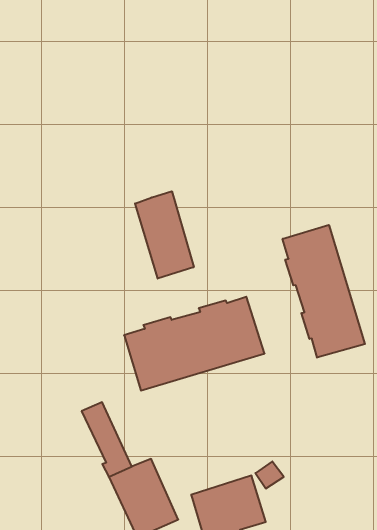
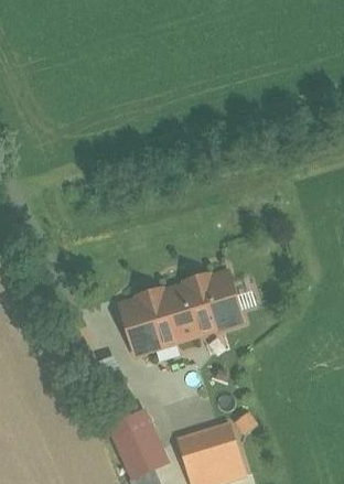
building: [135,191,194,279] -> none
building: [283,225,365,358] -> none

